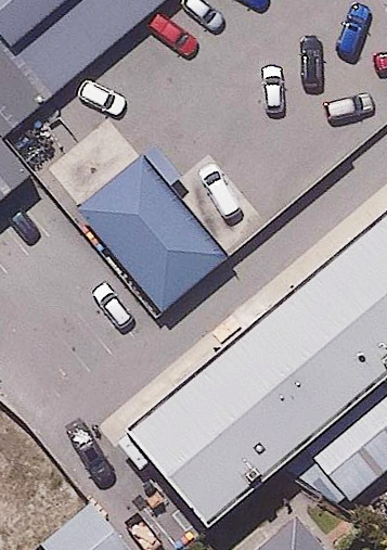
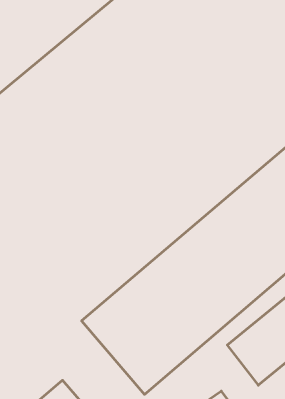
building: [75,154,233,317] -> none

